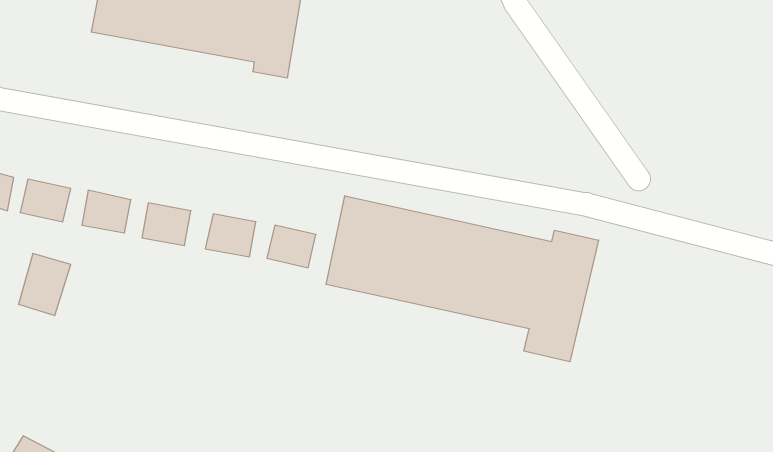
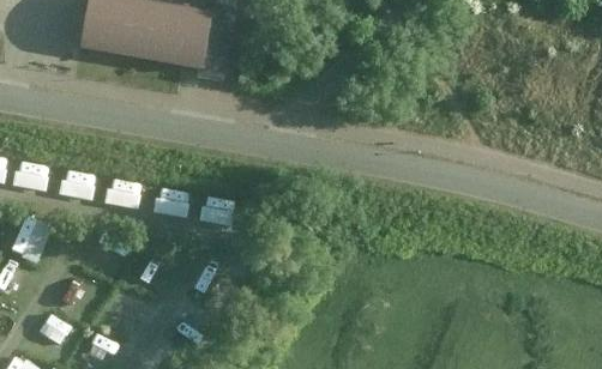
building: [326,196,599,362] -> none

